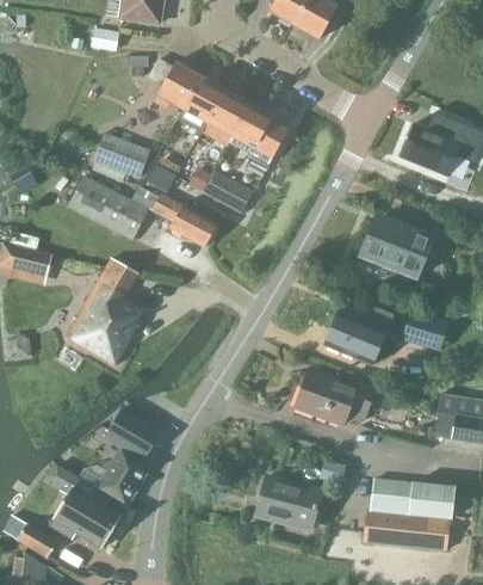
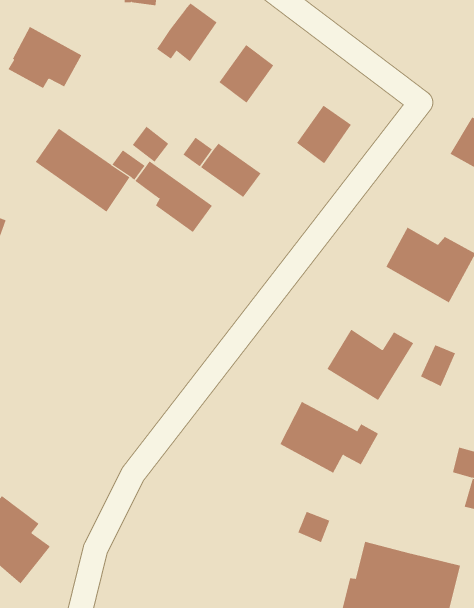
building: [184,75,227,123] -> none
building: [234,104,277,152] -> [296,105,352,164]
building: [92,133,150,181] -> [8,26,82,89]
building: [67,258,144,365] -> none
building: [97,408,161,506] -> none
building: [256,475,321,528] -> none

